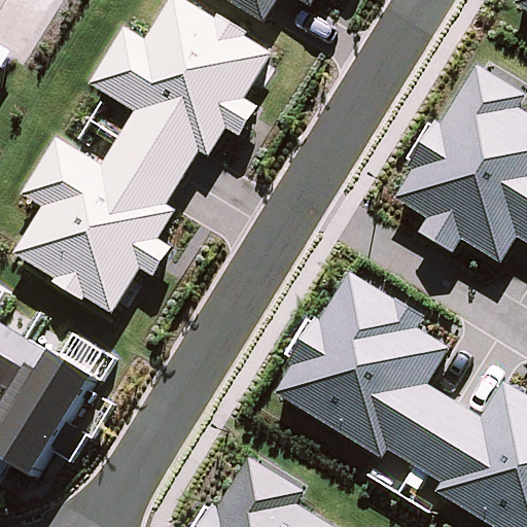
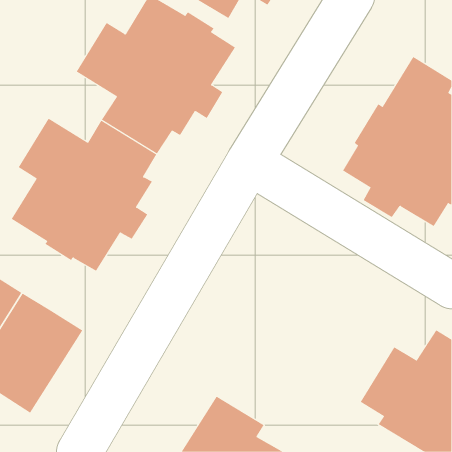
building: [275,273,454,463] -> none

